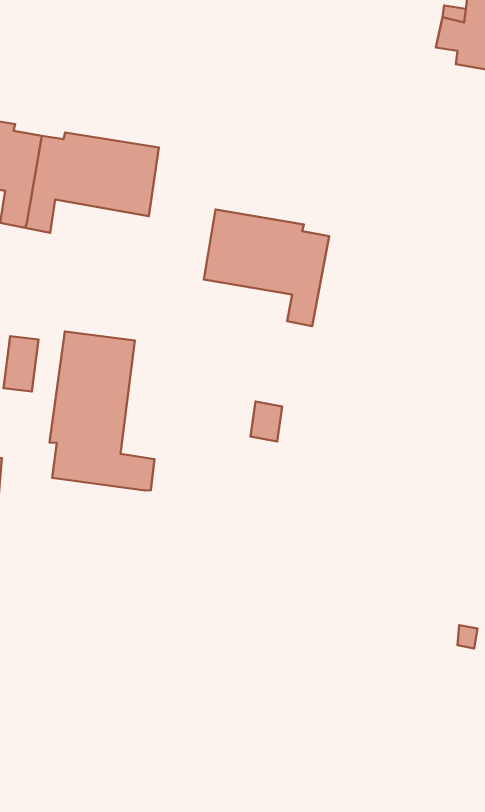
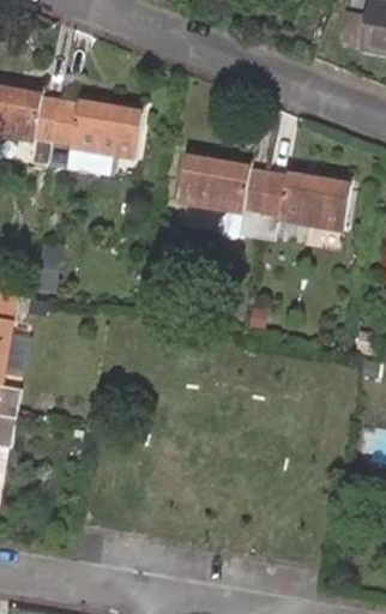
building: none -> [255,169,349,240]
building: [49,332,154,490] -> none

